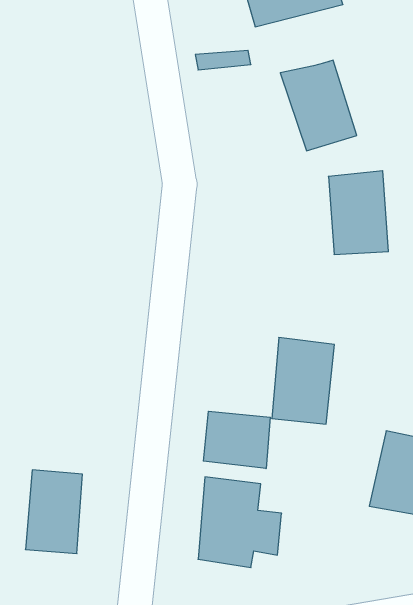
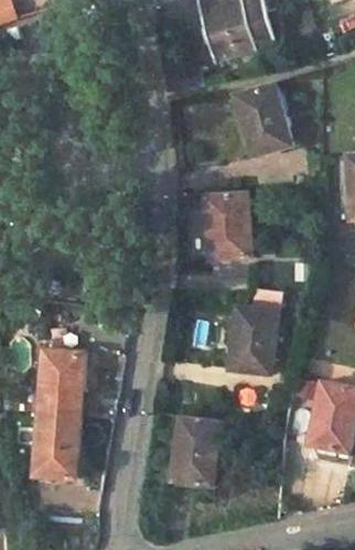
building: [328,171,388,254] -> [208,197,256,263]
building: none -> [39,346,83,414]
building: [203,411,270,469] -> none

